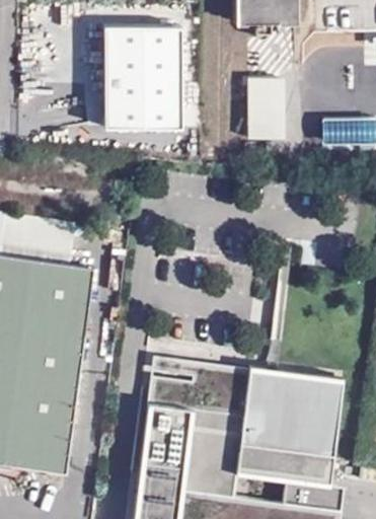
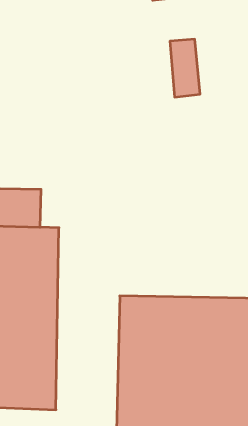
building: [98,25,178,135] -> none

